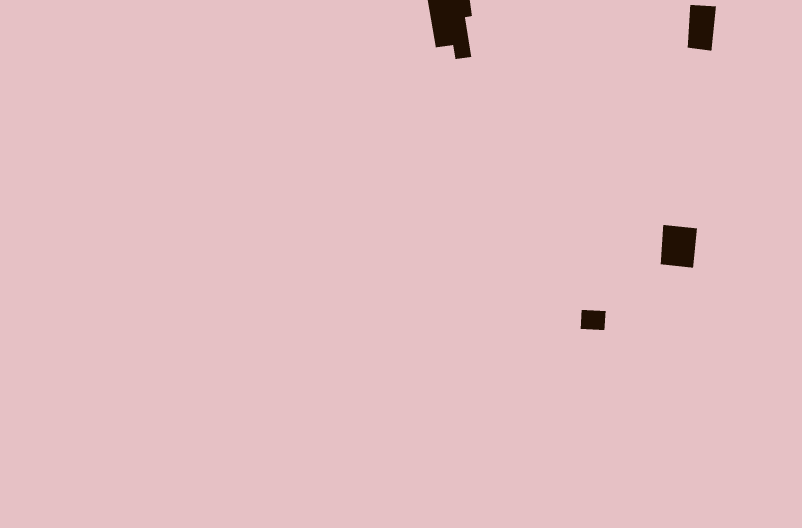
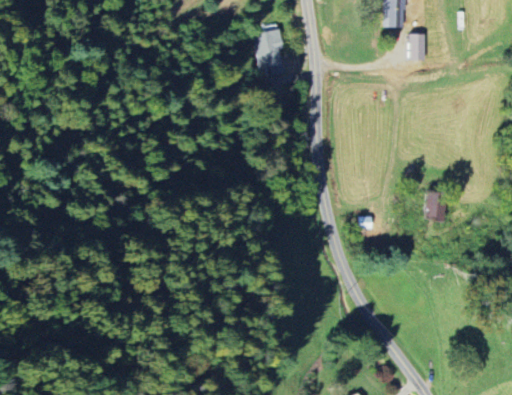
building: [660,224,698,268] -> [423,196,444,221]

